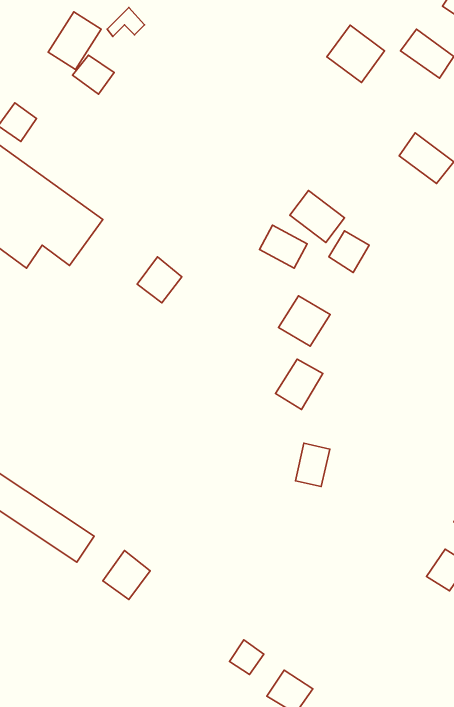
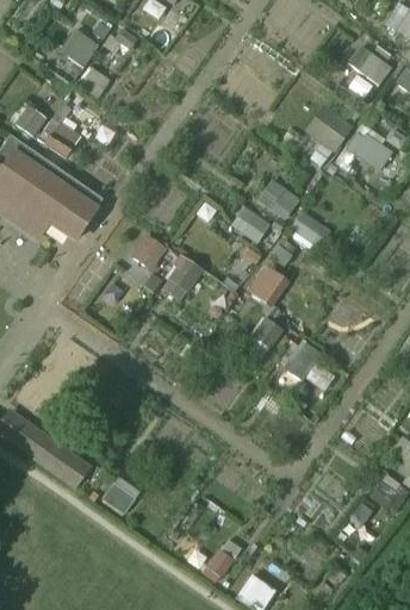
building: [327,25,385,83] -> [305,105,353,152]
building: none -> [43,122,80,158]
building: none -> [157,253,203,301]
building: [295,443,330,487] -> [288,342,317,378]

